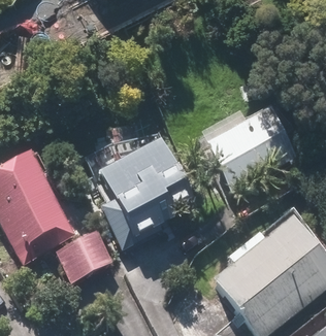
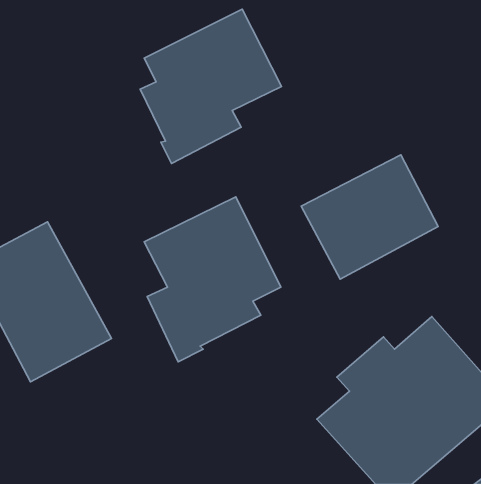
building: none -> [140,9,282,163]
building: [56,231,111,279] -> none

